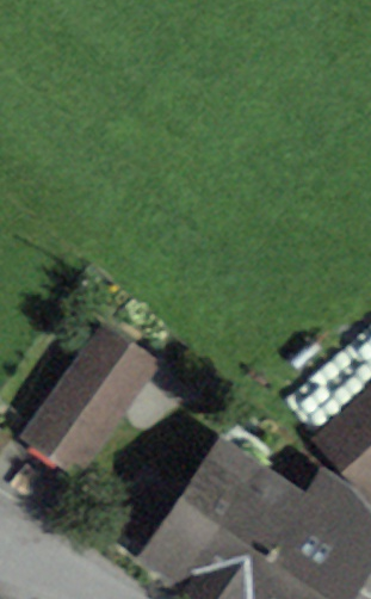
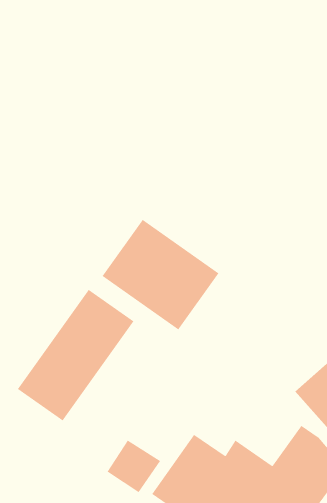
building: none -> [102,219,219,331]

